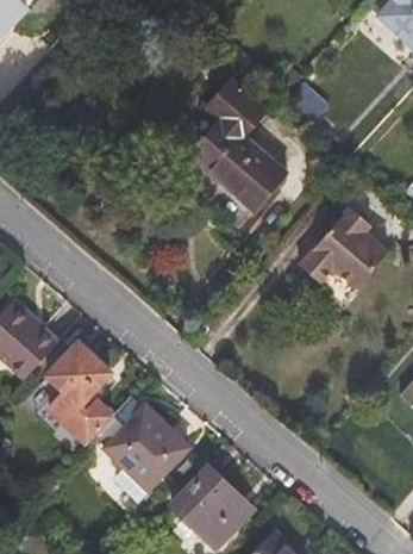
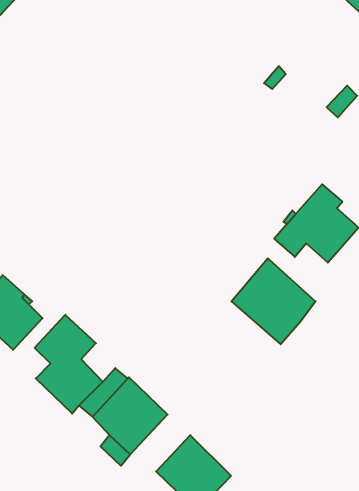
building: [189,81,286,211] -> none
building: none -> [231,258,316,344]

